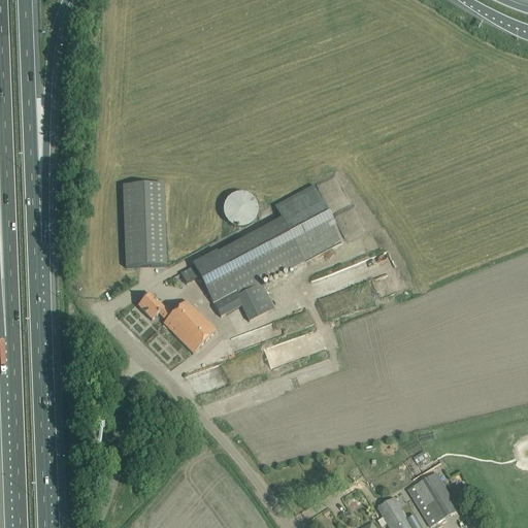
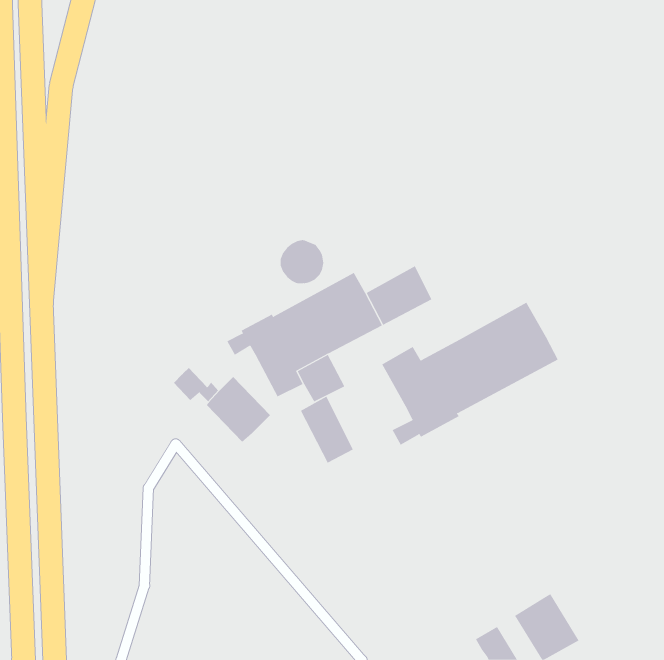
building: [122,180,166,265] -> none
building: [274,183,329,232] -> none
building: none -> [382,302,558,446]
building: none -> [300,396,354,464]

